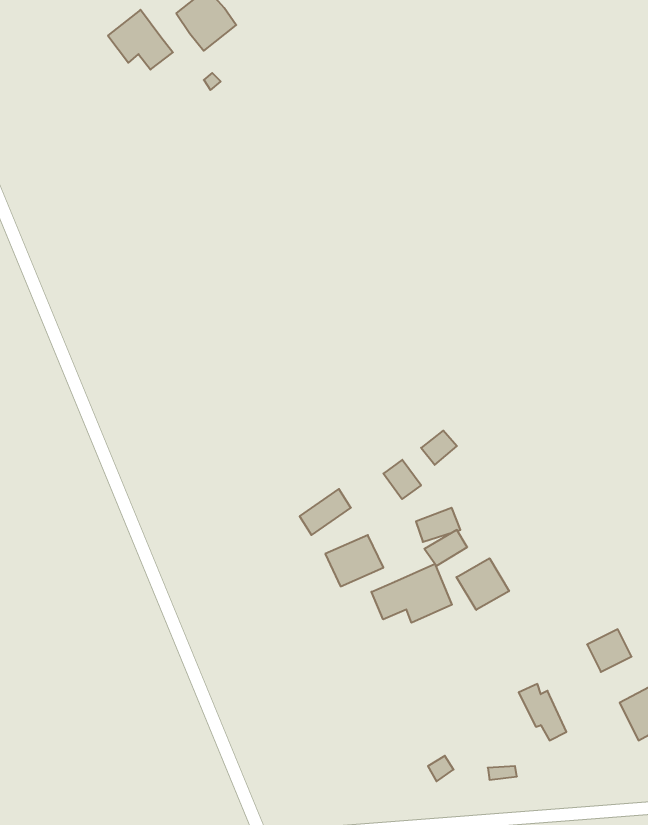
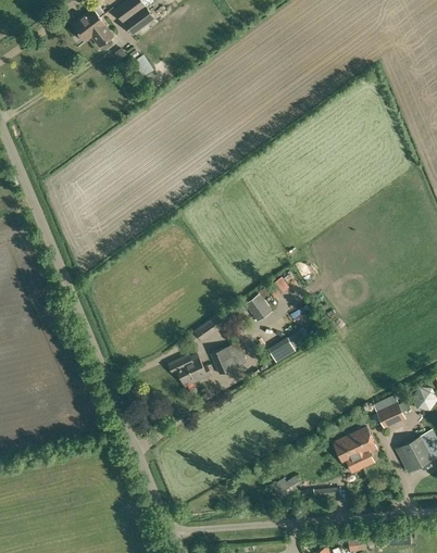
building: none -> [167,354,210,387]
building: [456,558,509,610] -> none
building: [371,564,452,623] -> none
building: none -> [344,427,376,467]

